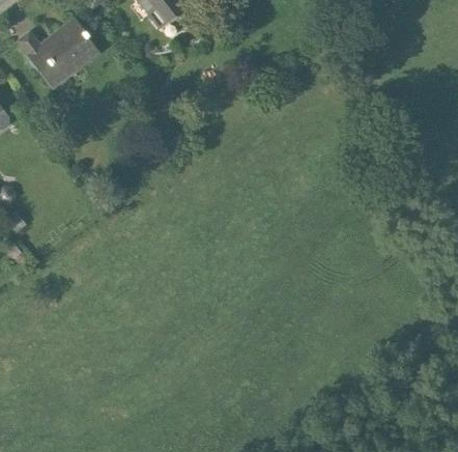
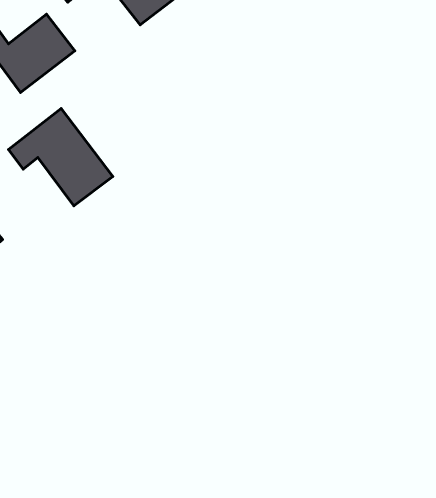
building: none -> [8,108,113,206]

